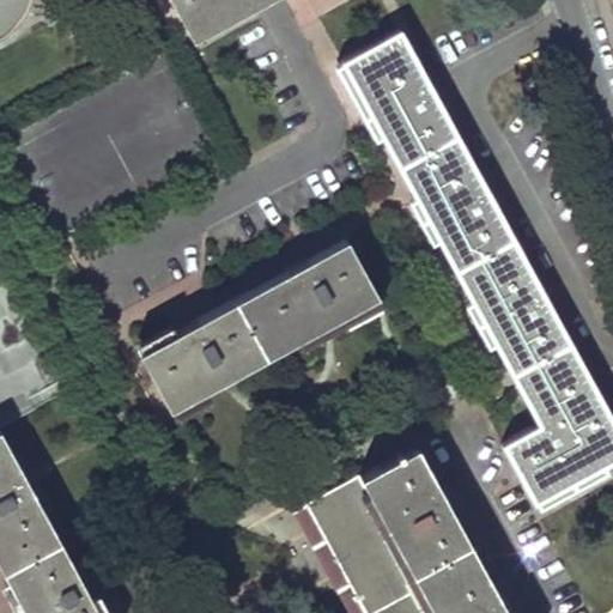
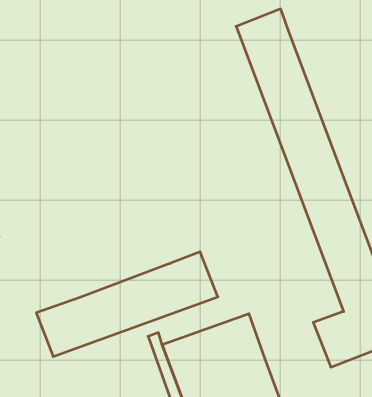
building: [141,245,381,414] -> [36,252,218,357]

